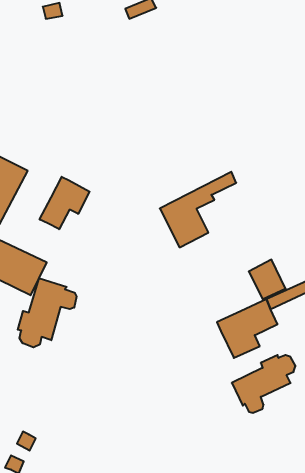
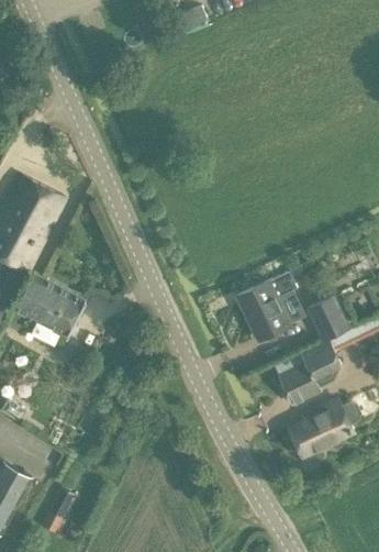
building: [160,172,236,247] -> [236,257,321,341]
building: [40,177,90,229] -> none
building: [18,278,77,347] -> none

